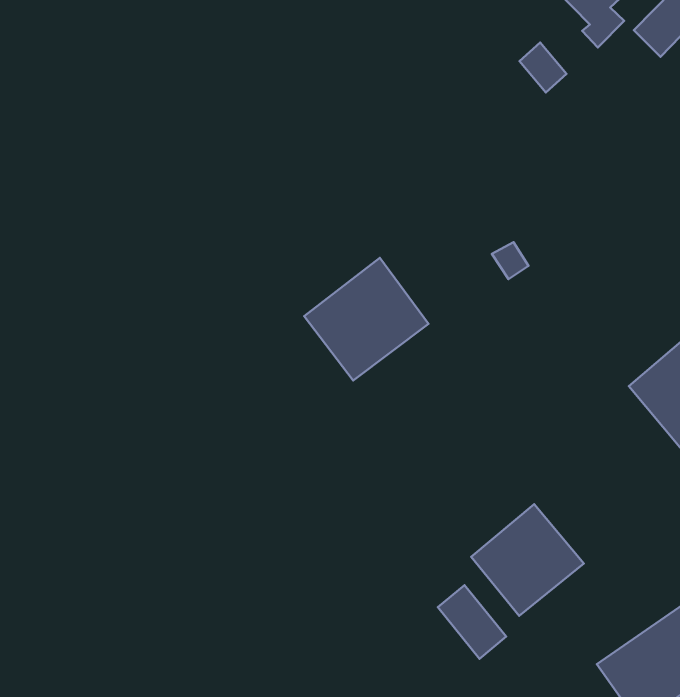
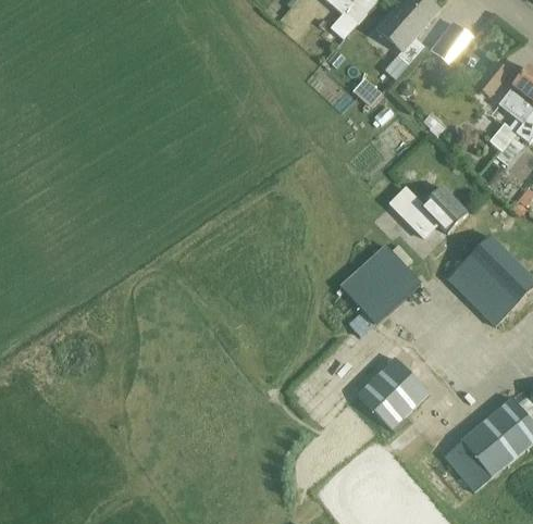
building: none -> [400,186,466,233]
building: [304,258,429,380] -> [340,245,420,324]
building: [438,585,506,659] -> none

